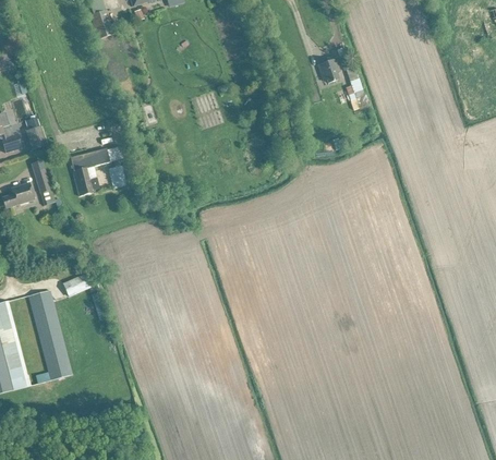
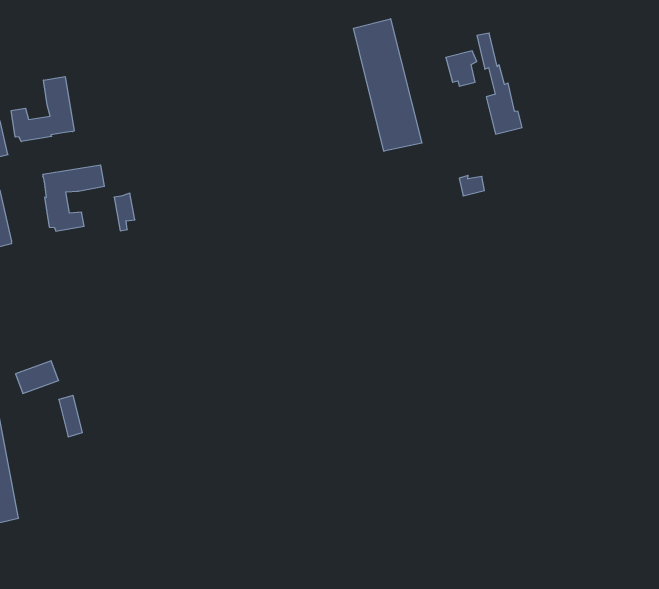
building: none -> [354,19,422,151]
building: none -> [11,77,74,142]

